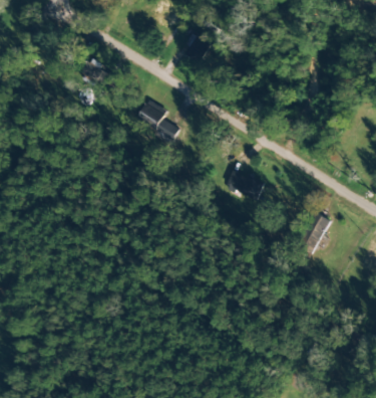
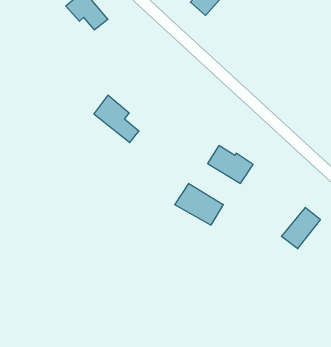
building: [137,103,178,140] -> [94,95,139,143]
building: none -> [175,183,223,225]

